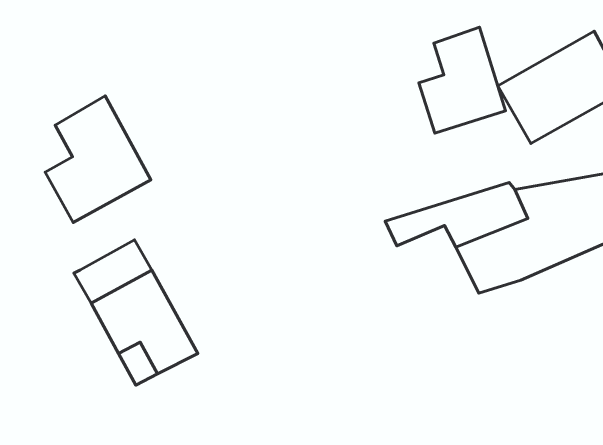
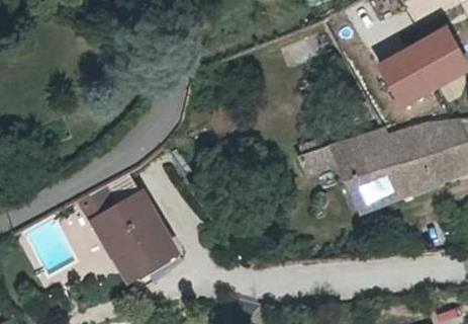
building: [419,27,505,133] -> none
building: [45,96,151,222] -> none

